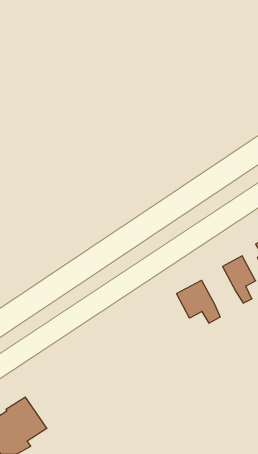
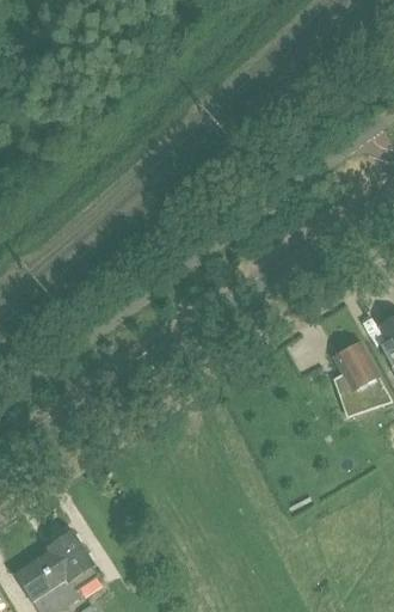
building: [177,280,220,323] -> none

